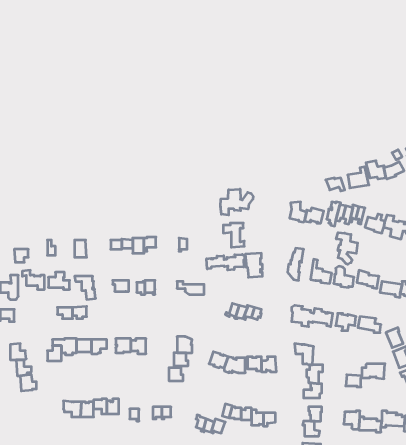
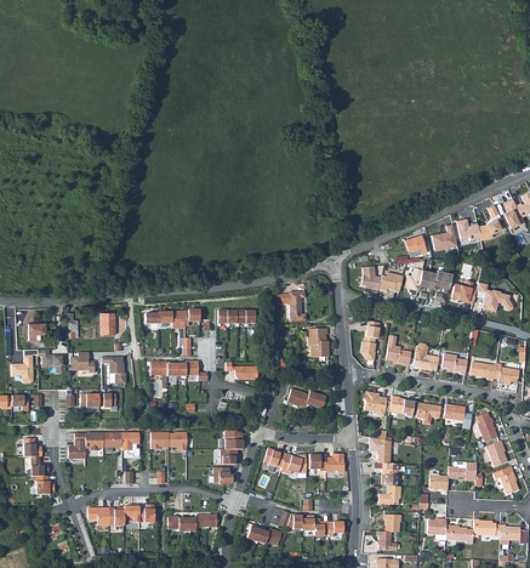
building: [221,189,253,215] -> none
building: [336,233,358,264] -> none
building: [207,254,245,270] -> none

